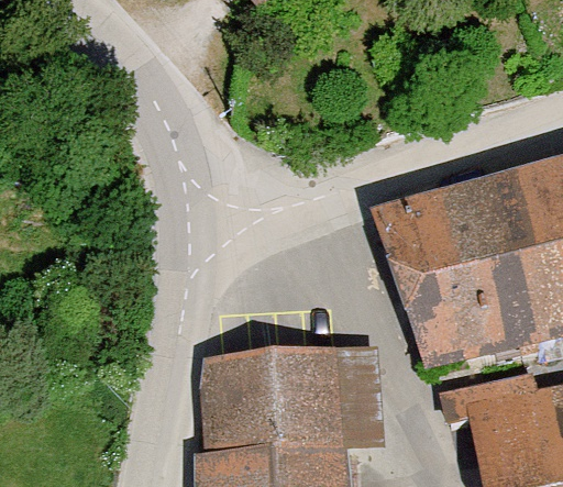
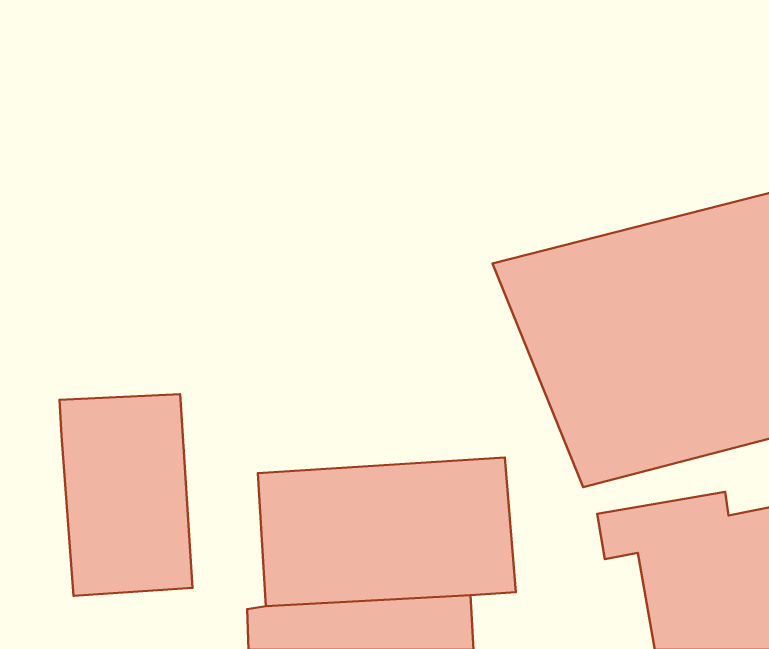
building: none -> [59,394,193,596]

